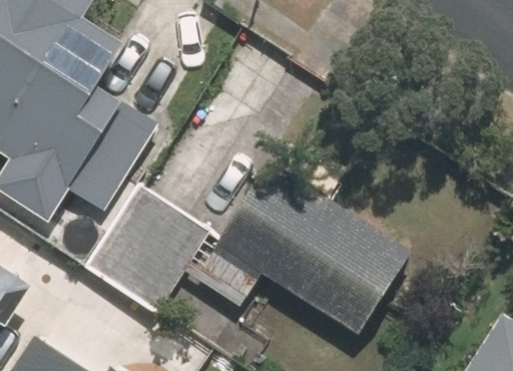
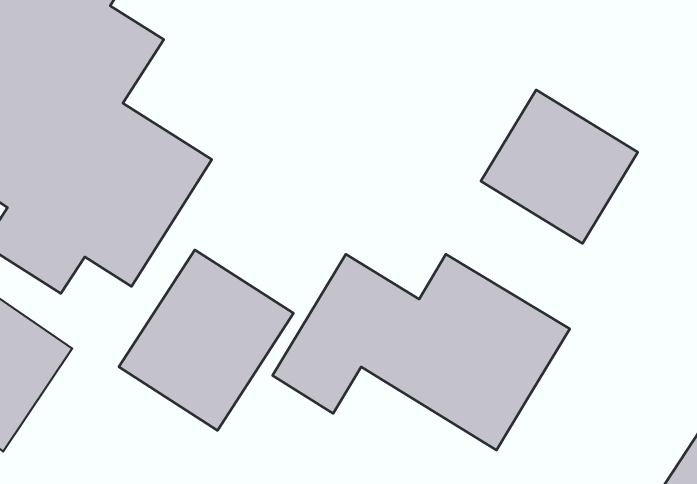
building: none -> [481,90,638,243]

